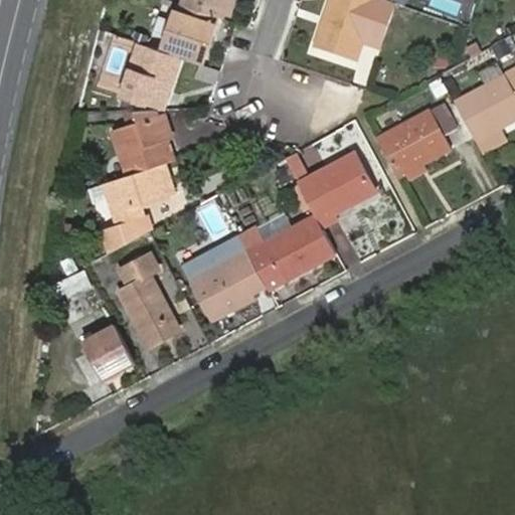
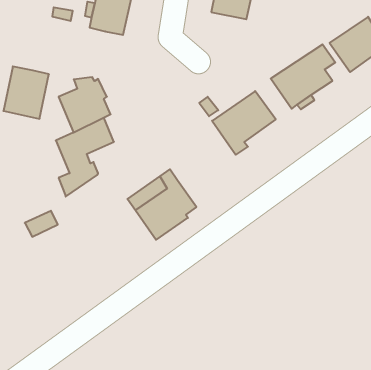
building: [119,41,180,110] -> [3,66,49,119]
building: [237,214,335,290] -> none
building: [118,252,179,345] -> none
building: [82,324,134,379] -> none

